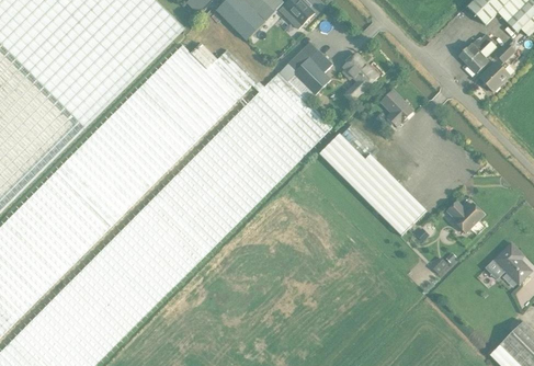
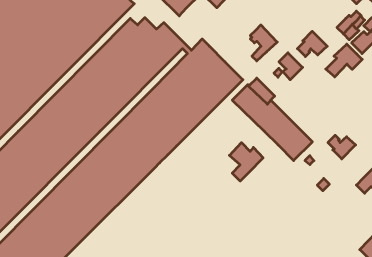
building: [279,41,332,102] -> none
building: none -> [297,31,327,57]
building: none -> [326,44,362,77]
building: none -> [229,143,263,181]

